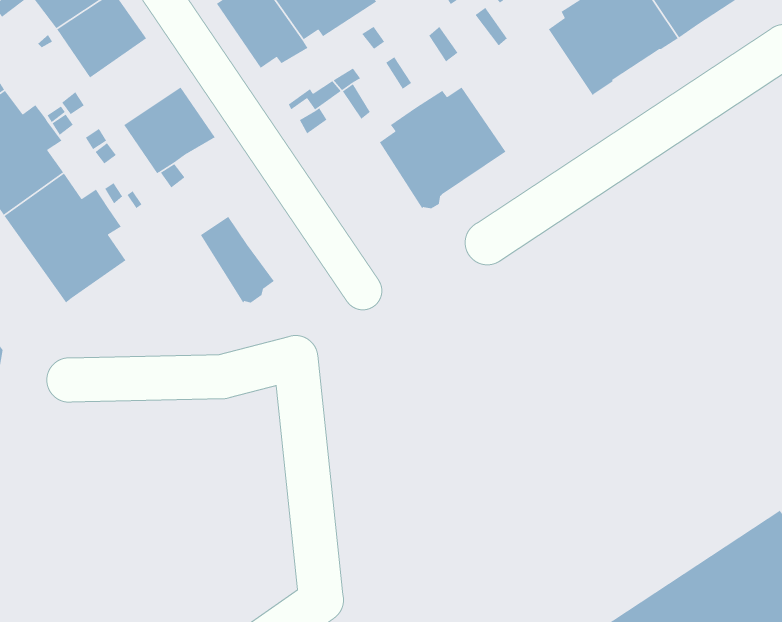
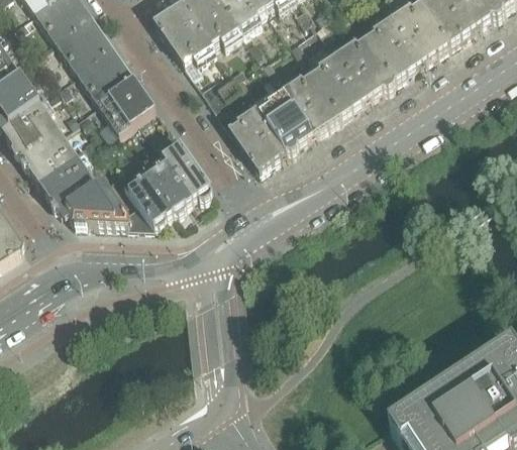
building: none -> [309,36,393,114]
building: none -> [74,42,131,97]
building: none -> [218,104,284,168]
building: none -> [162,142,210,196]
building: none -> [123,166,171,223]
building: none -> [63,178,128,222]

